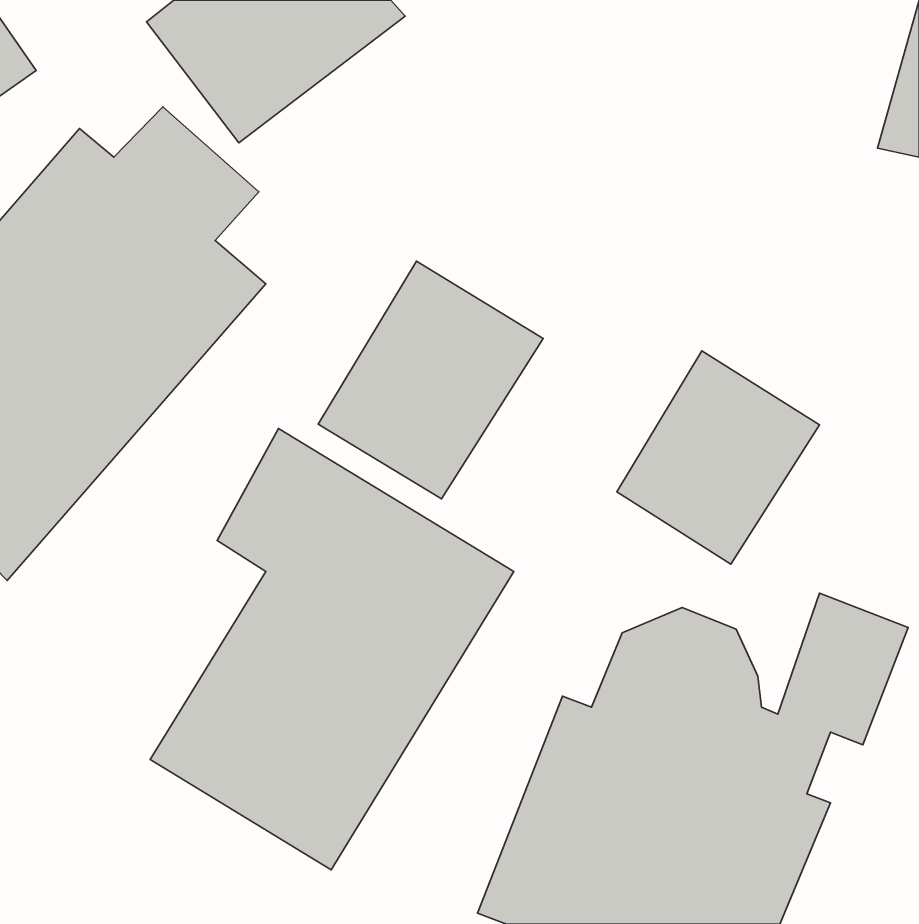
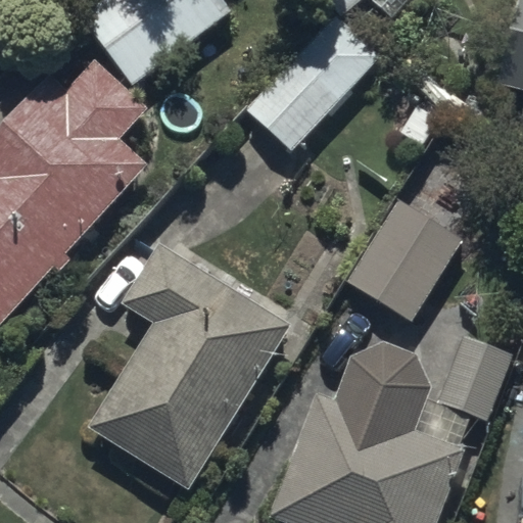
building: none -> [242,15,376,149]
building: [318,261,543,499] -> none

